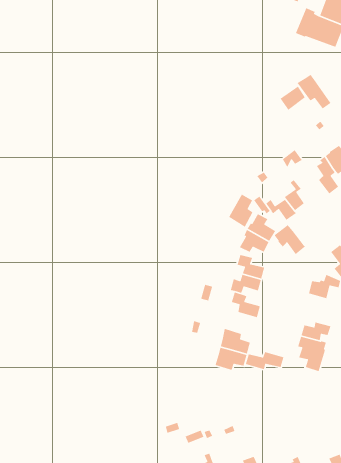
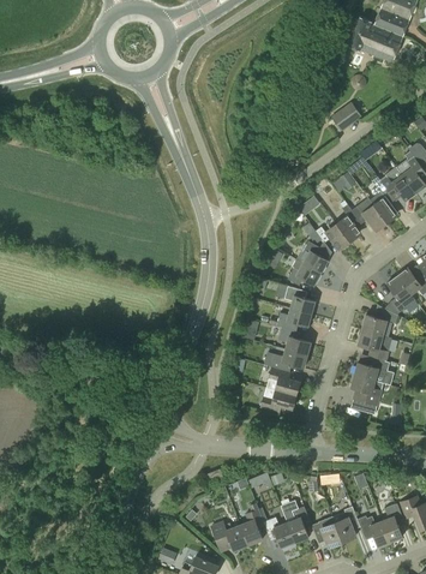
building: [296,74,332,109] -> none
building: [228,193,253,228] -> none
building: [274,224,307,255] -> [352,198,388,232]
building: none -> [358,329,391,360]
building: [245,351,284,370] -> [264,349,307,370]

